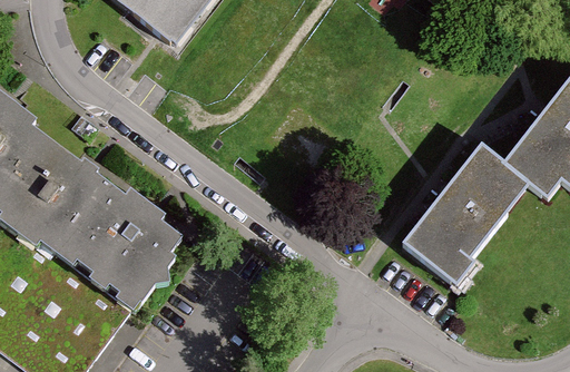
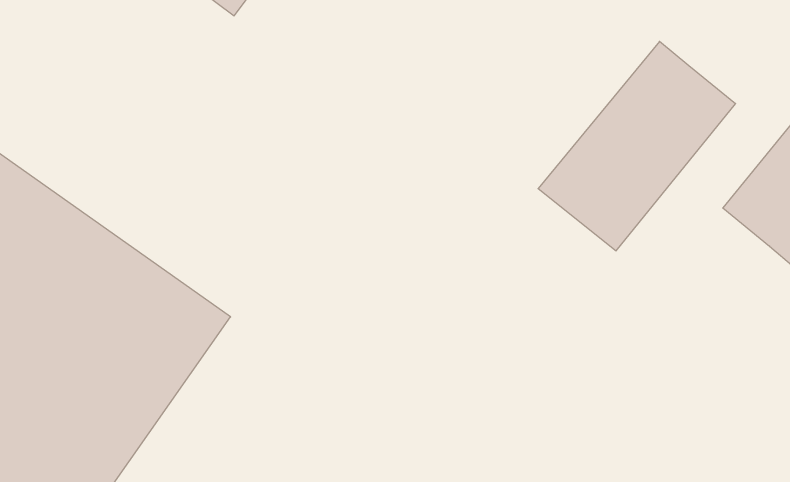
building: [400,149,527,284] -> [538,41,736,251]

